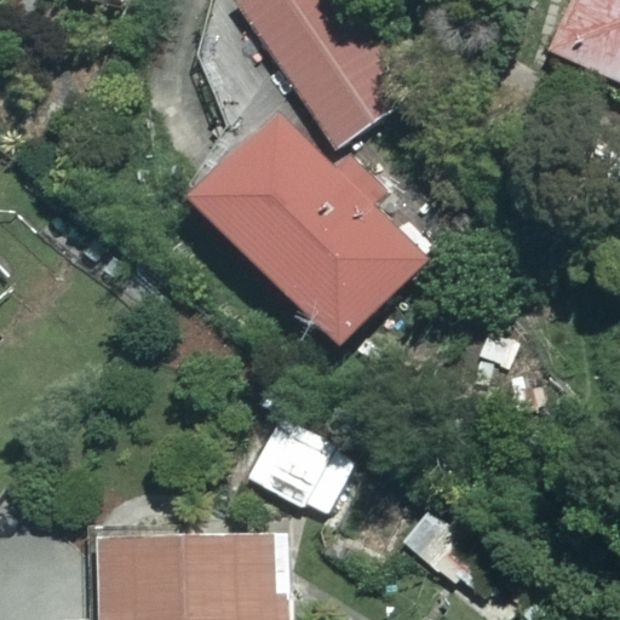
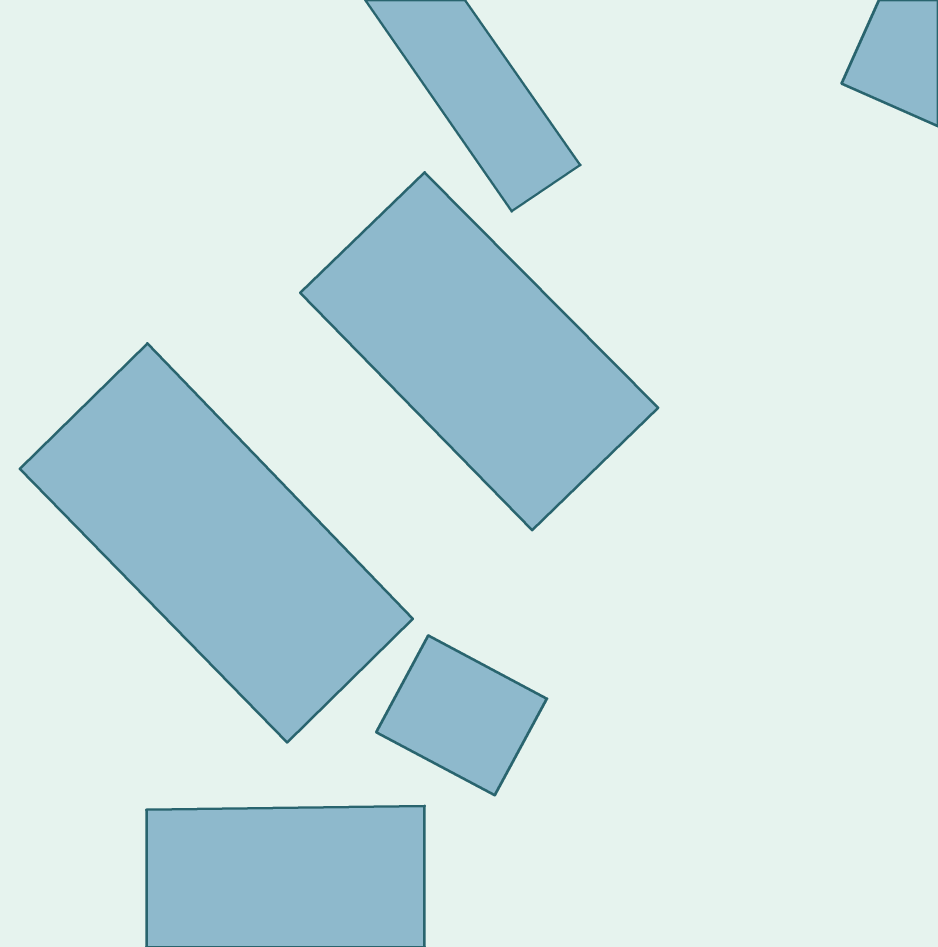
building: none -> [20,343,413,742]

